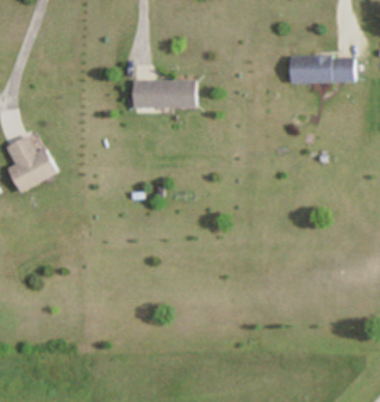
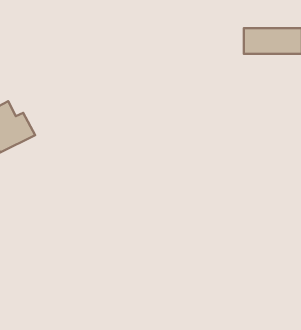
building: [132,79,195,107] -> none

